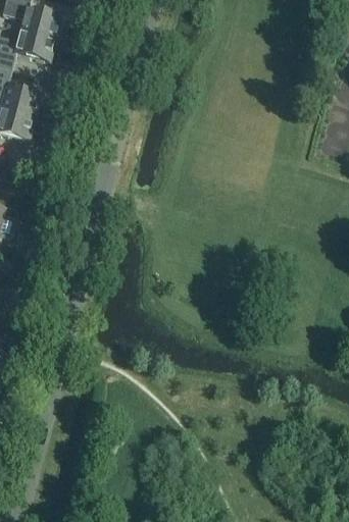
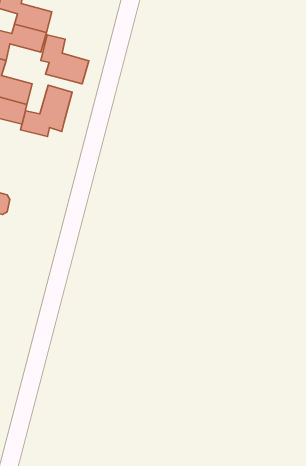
building: none -> [41,35,89,84]
building: none -> [21,85,72,136]

